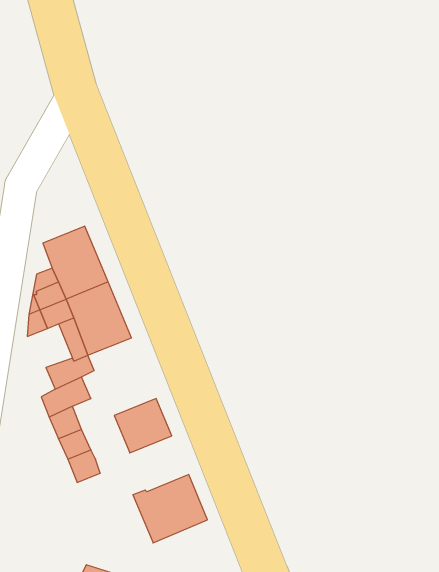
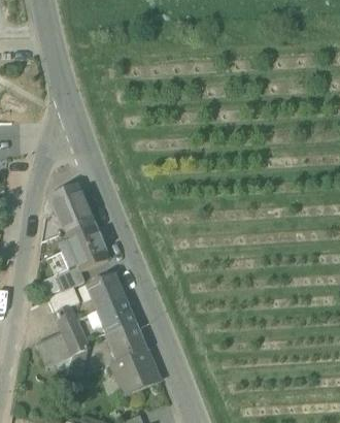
building: none -> [87,273,126,311]
building: none -> [108,324,147,361]
building: none -> [39,327,70,362]

